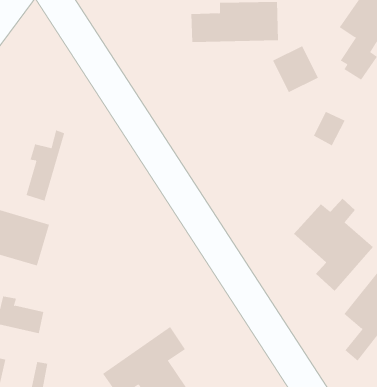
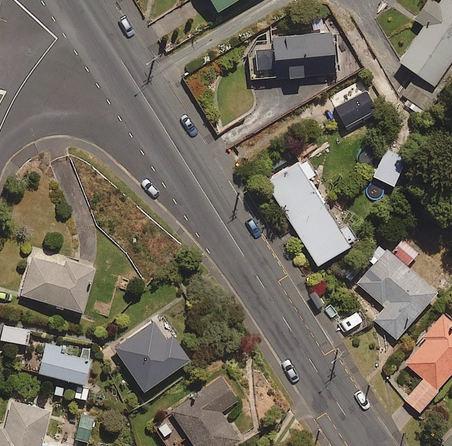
building: none -> [268,155,359,265]
building: [26,130,65,201] -> none
building: none -> [113,318,191,392]

